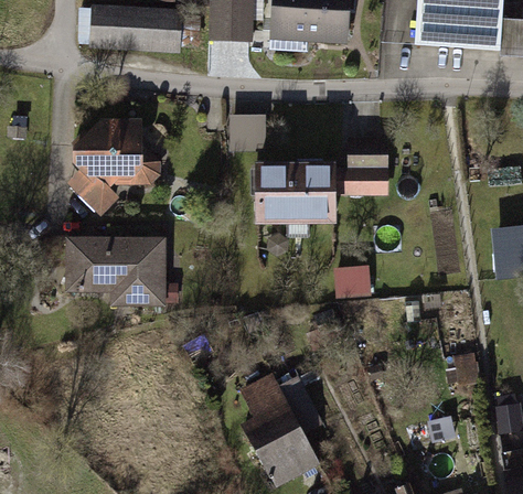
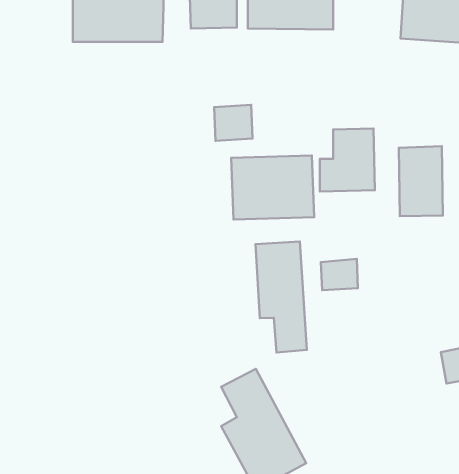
building: [66,120,162,225] -> none
building: none -> [399,146,443,216]
building: [64,236,168,309] -> none
building: none -> [256,241,307,352]

